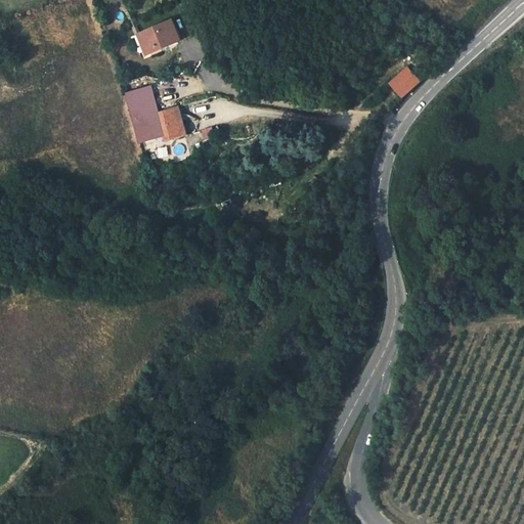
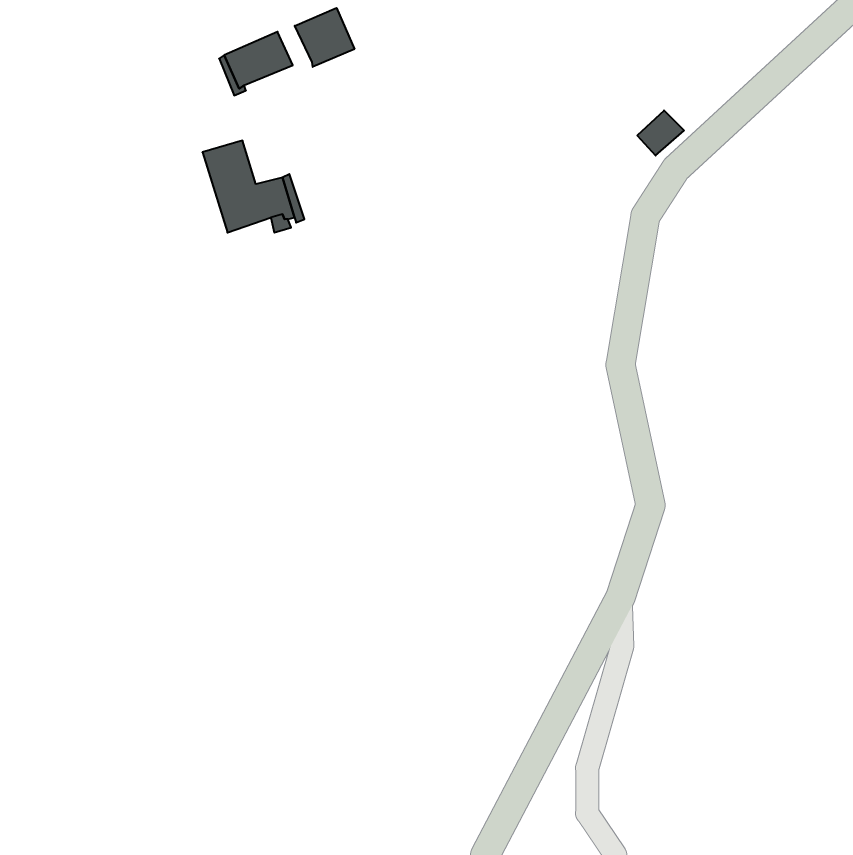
building: none -> [295,8,354,67]

